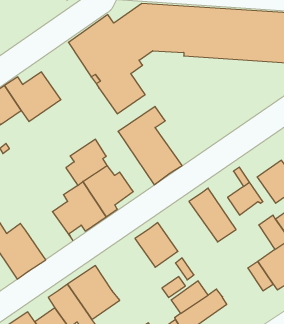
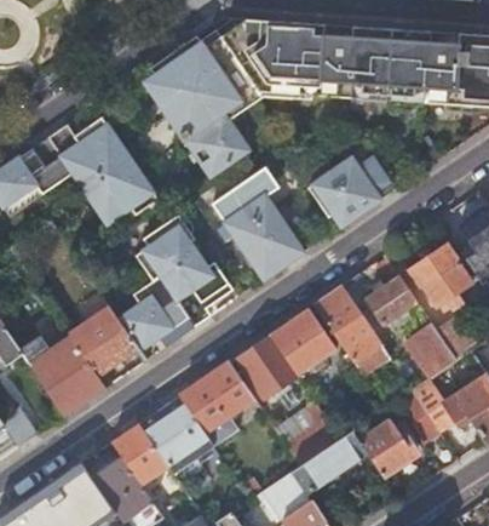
building: none -> [306,155,391,227]
building: none -> [82,158,157,224]
building: none -> [70,308,145,376]
building: none -> [267,309,334,376]
building: none -> [178,362,253,446]
building: none -> [361,414,416,475]

